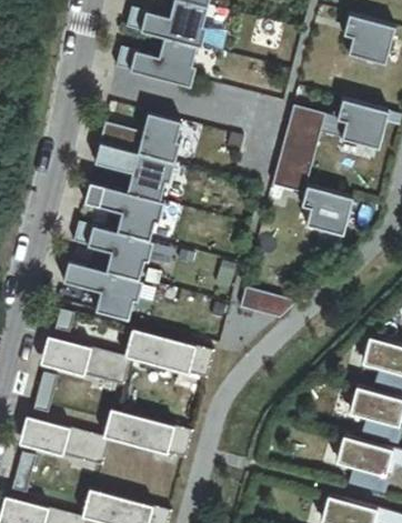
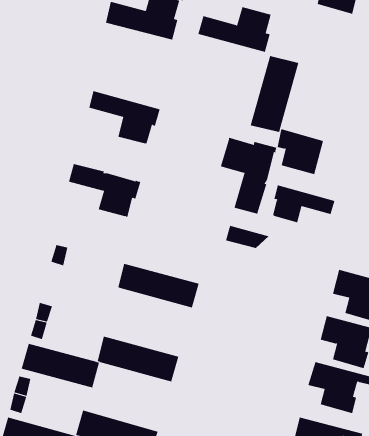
building: [335,98,386,145] -> none
building: [101,113,181,163] -> [198,6,272,53]
building: [86,183,164,241] -> none
building: none -> [220,137,277,215]
building: none -> [272,185,335,223]
building: [64,262,143,321] -> none
building: [46,336,131,385] -> none

